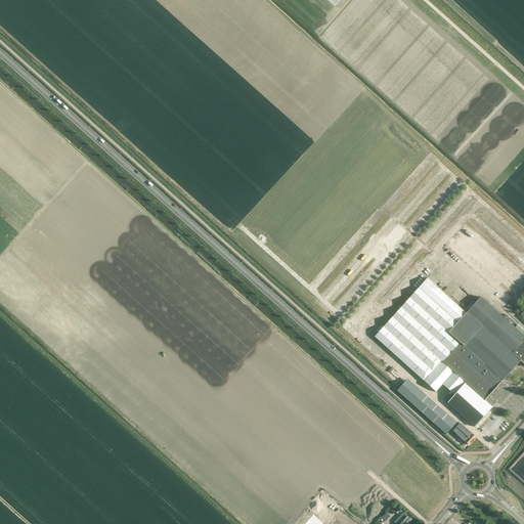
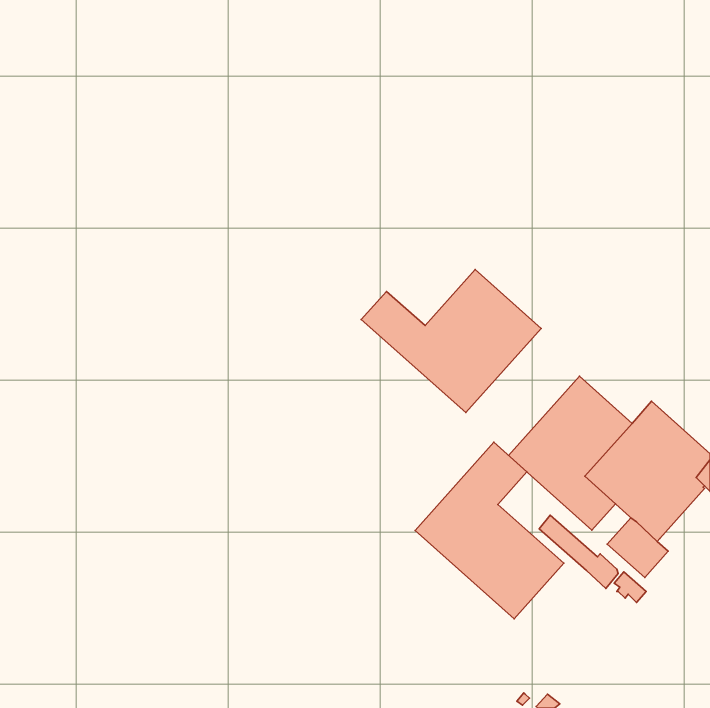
building: none -> [361,270,541,413]
building: none -> [415,442,564,619]

